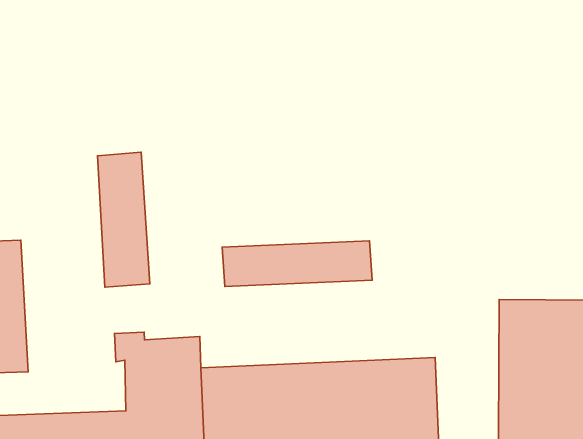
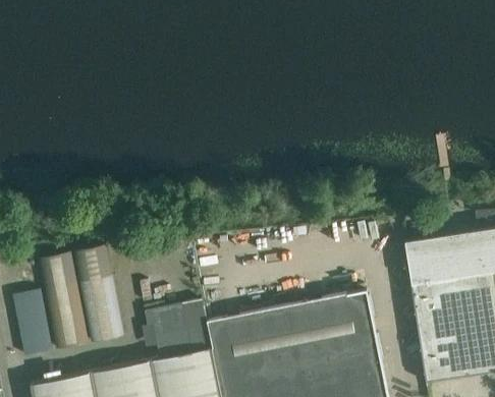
building: [97,152,150,287] -> [74,244,124,341]
building: [222,241,372,286] -> none

